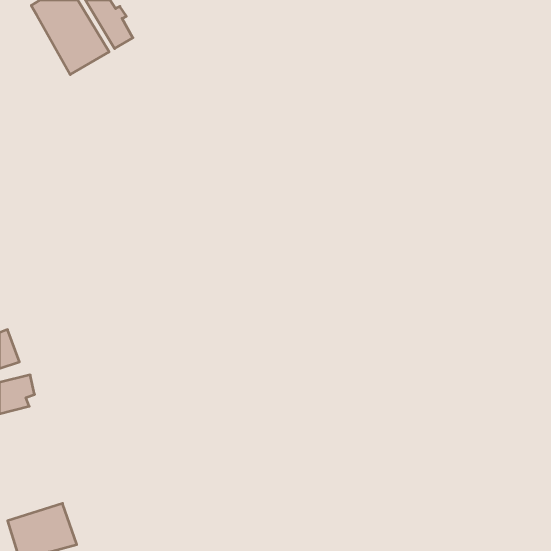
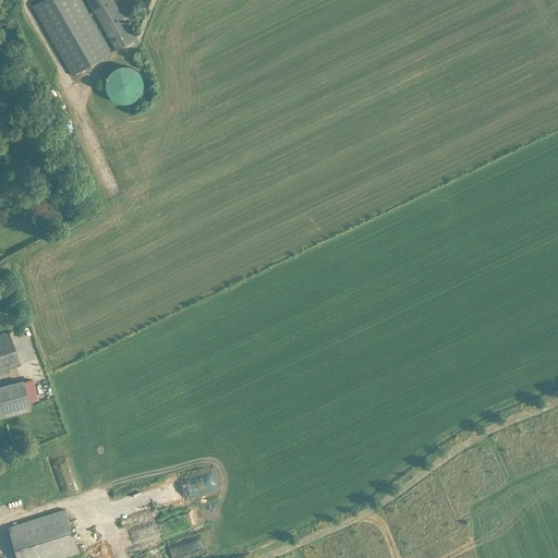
building: none -> [105,66,142,104]

